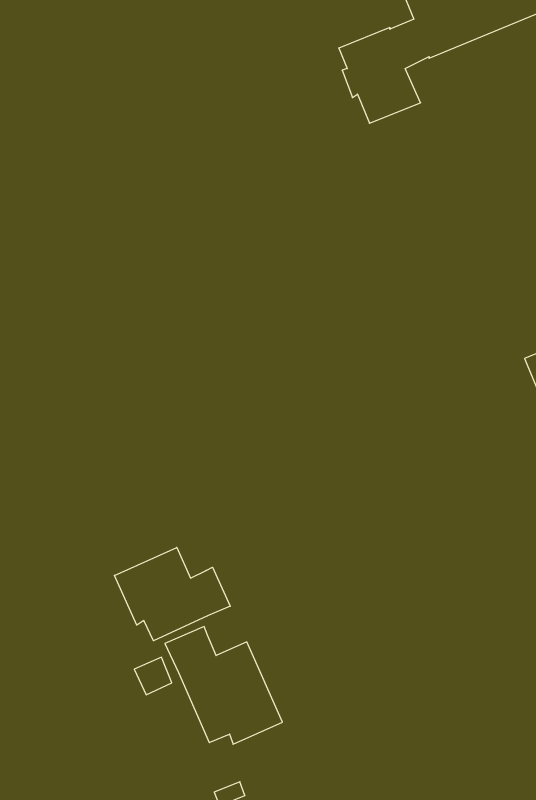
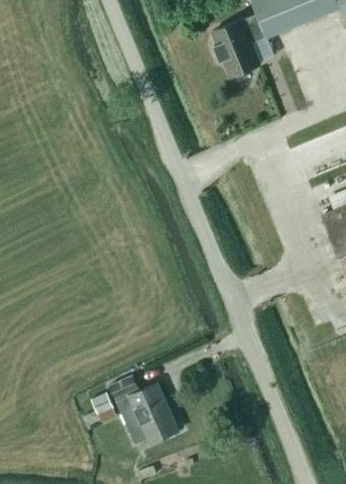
building: [114,547,230,641] -> none

